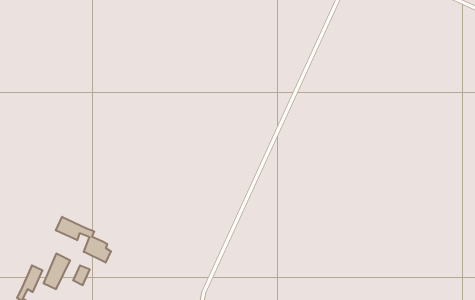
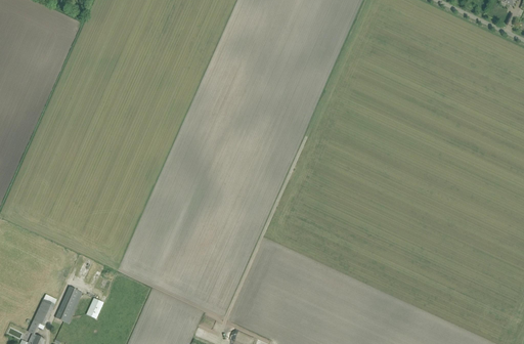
building: [56,217,111,263] -> none

